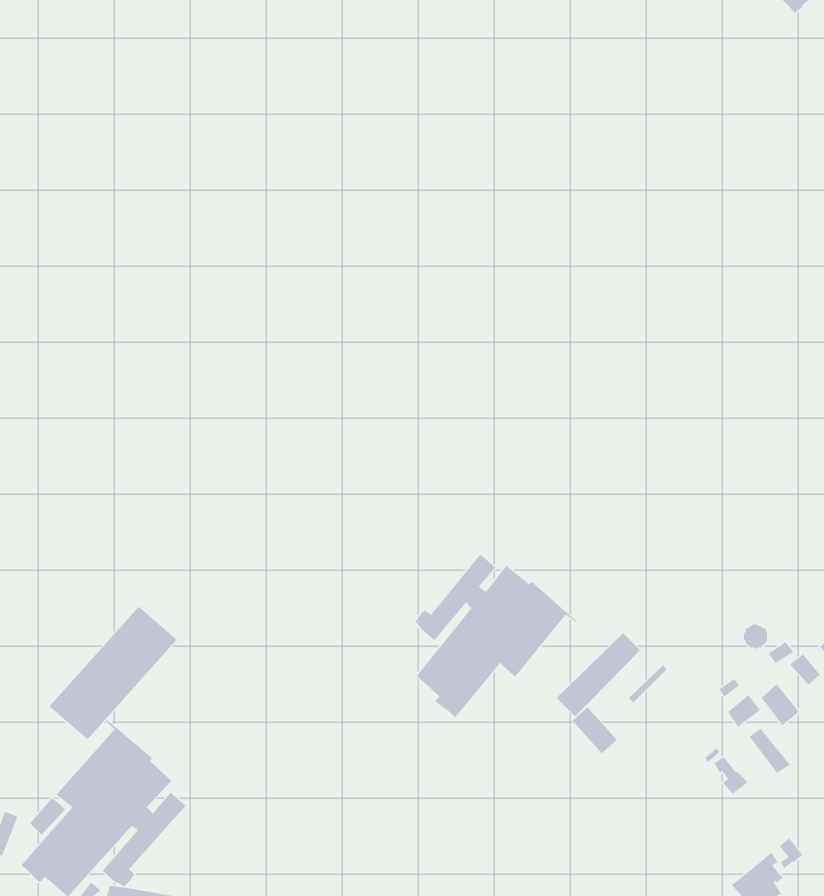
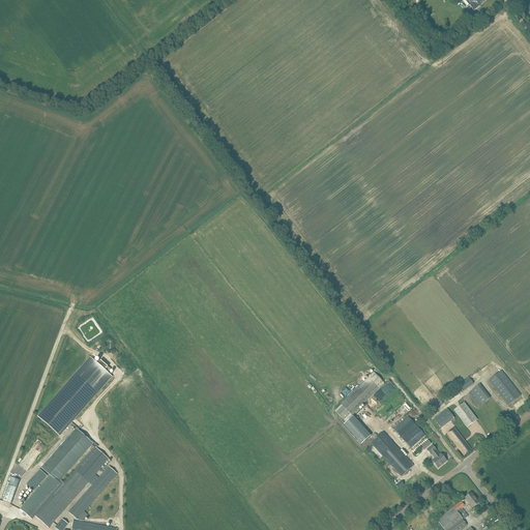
building: [415,554,577,718] -> none
building: none -> [393,416,425,447]
building: none -> [371,431,414,475]

